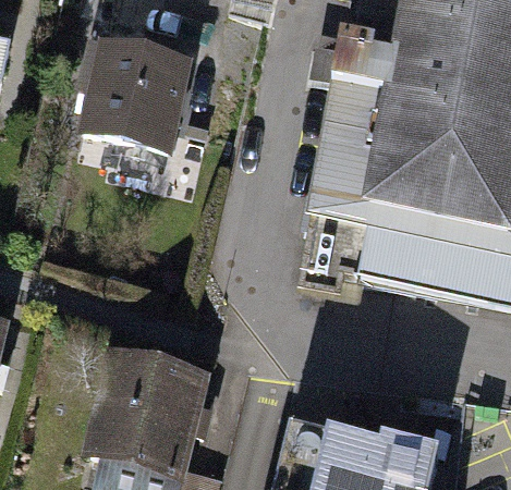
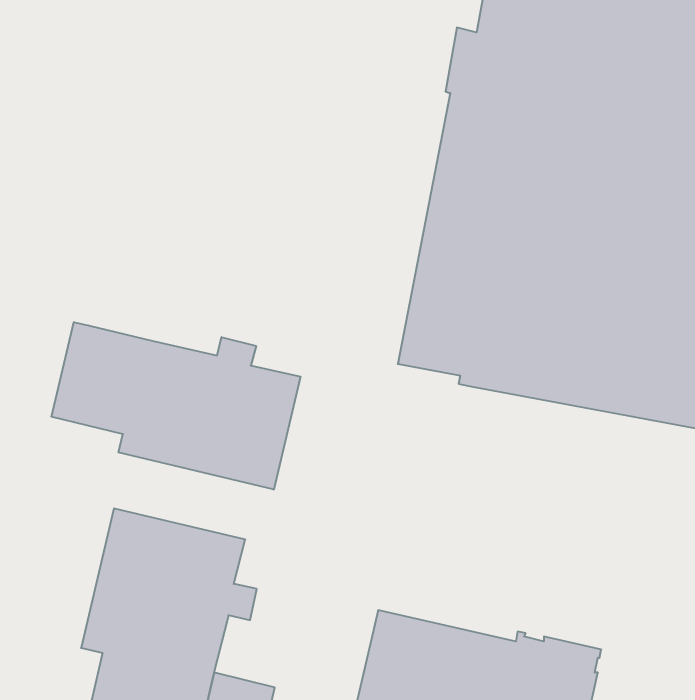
building: [87,40,223,142] -> none
building: none -> [52,322,301,490]

